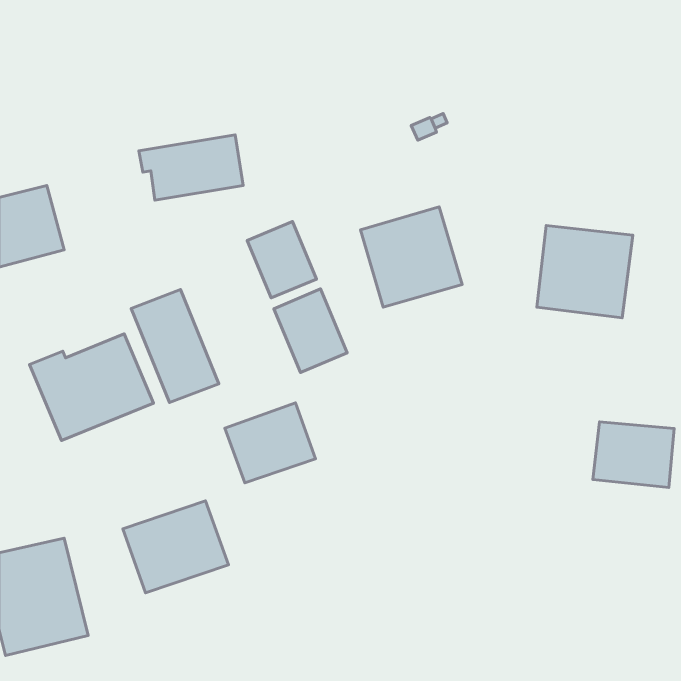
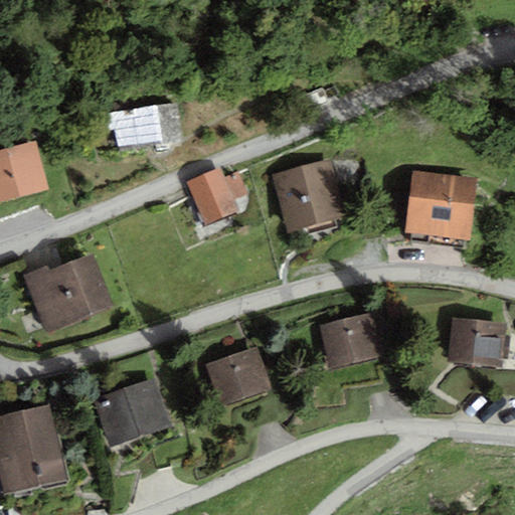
building: [274,289,347,372] -> none
building: [131,290,219,403] -> none
building: [225,403,316,483] -> [204,345,273,405]
building: none -> [318,309,392,370]

